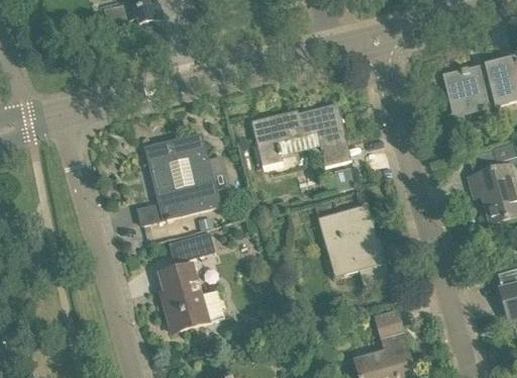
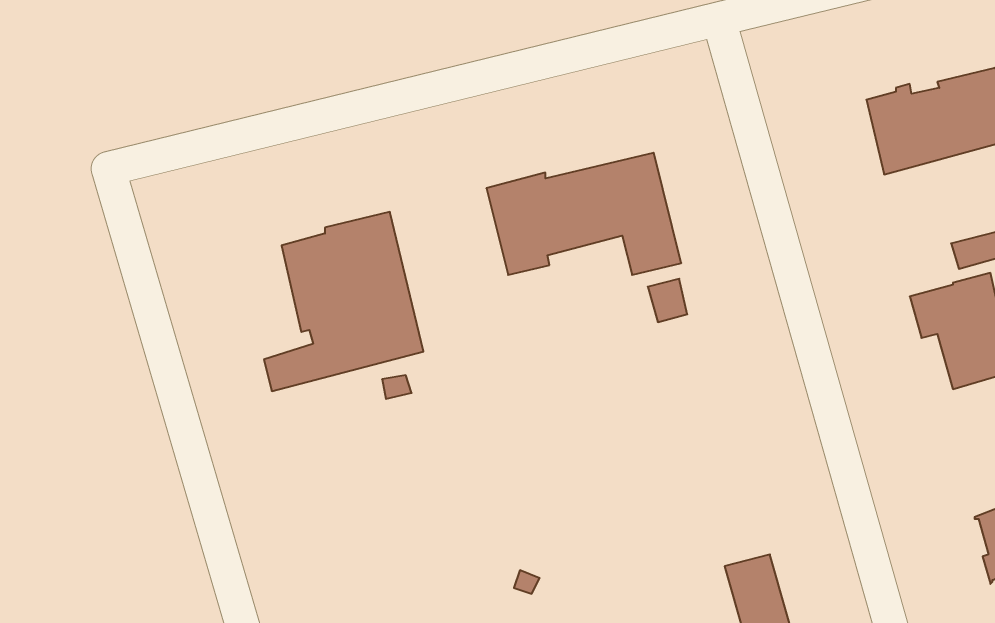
building: [319,203,390,286] -> none
building: [169,230,216,263] -> none
building: [160,263,225,332] -> none

